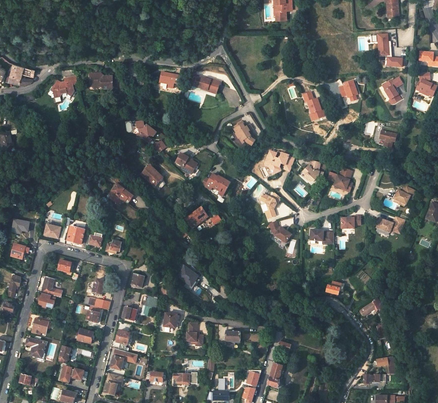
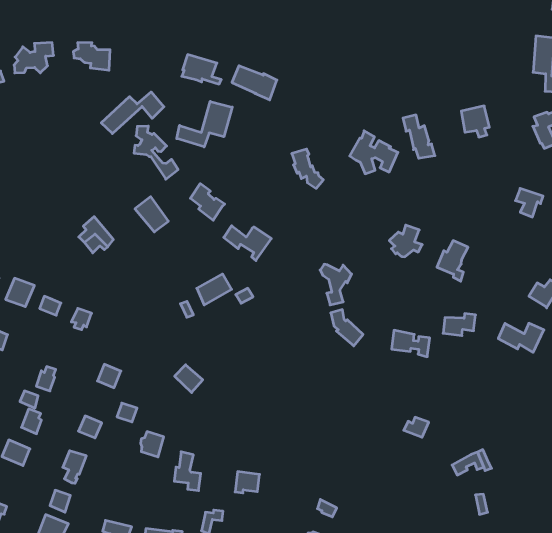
building: none -> [101,92,164,134]
building: none -> [177,101,232,147]
building: [264,148,294,175] -> [350,131,398,174]

